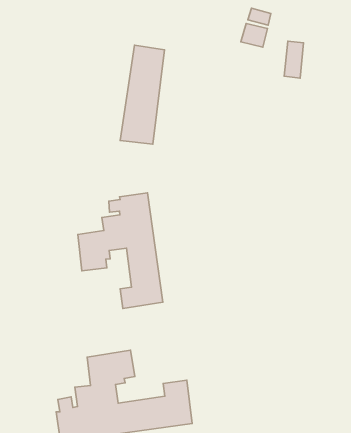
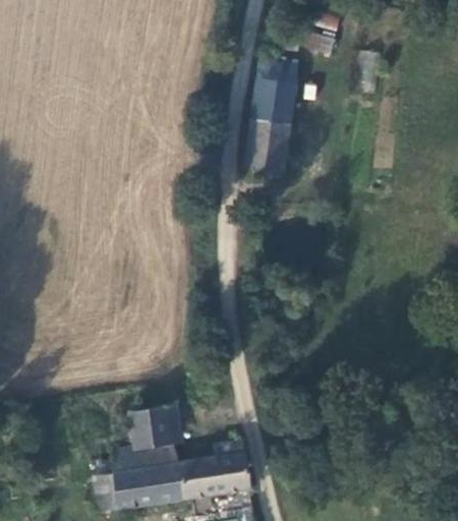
building: [120,45,164,144] -> [245,59,296,173]
building: [78,193,163,309] -> none

